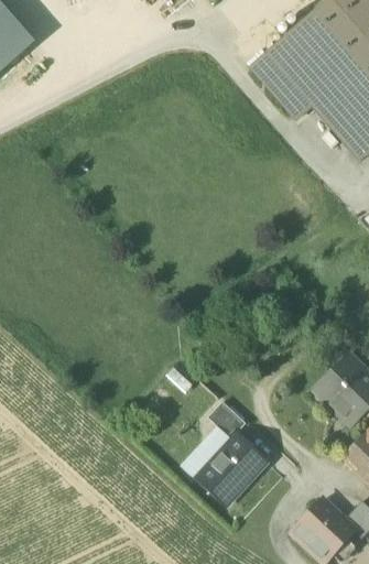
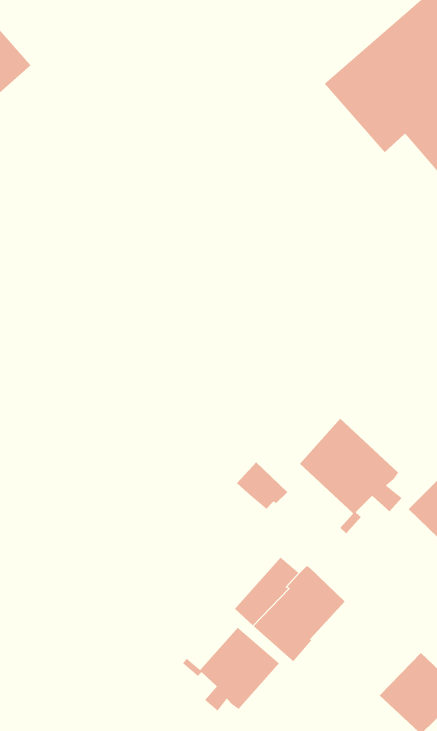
building: none -> [299,418,402,534]
building: [207,401,247,437] -> [236,462,288,509]
building: none -> [182,627,280,712]

